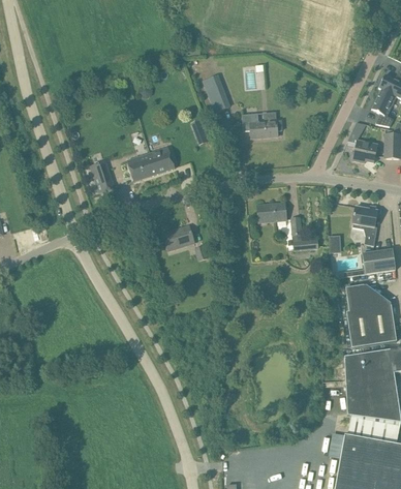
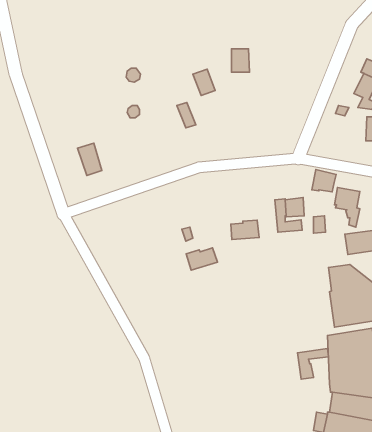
building: [242,113,282,137] -> none
building: [352,139,377,161] -> [312,169,336,192]
building: [126,146,175,181] -> none
building: [257,202,286,221] -> [231,220,259,239]
building: [162,226,194,249] -> [186,248,217,270]
building: none -> [297,348,328,379]

